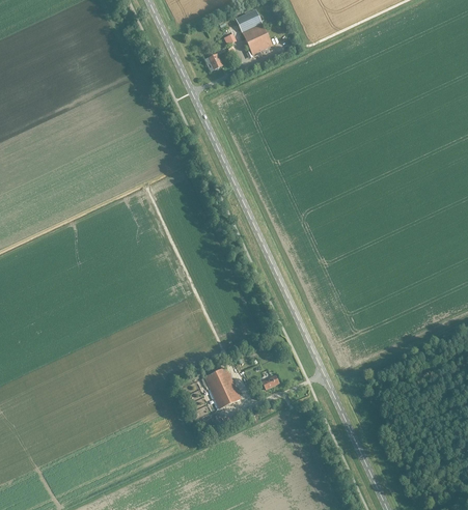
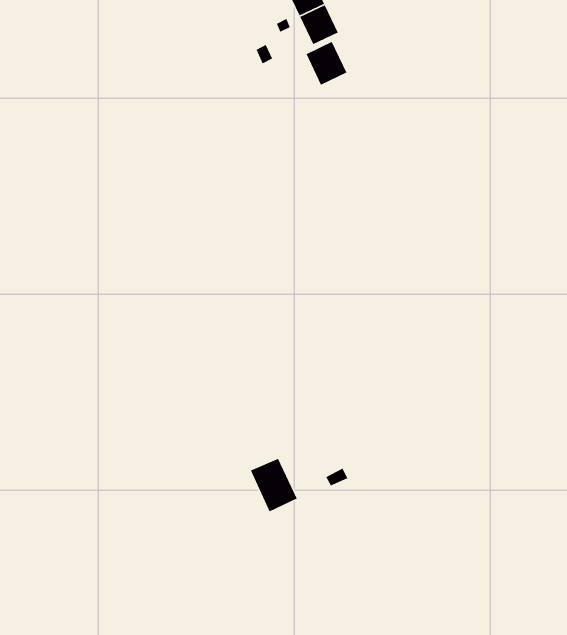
building: none -> [305,41,347,86]

